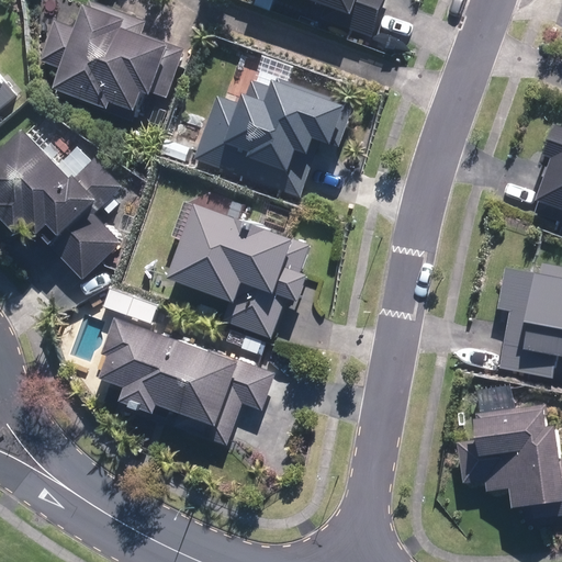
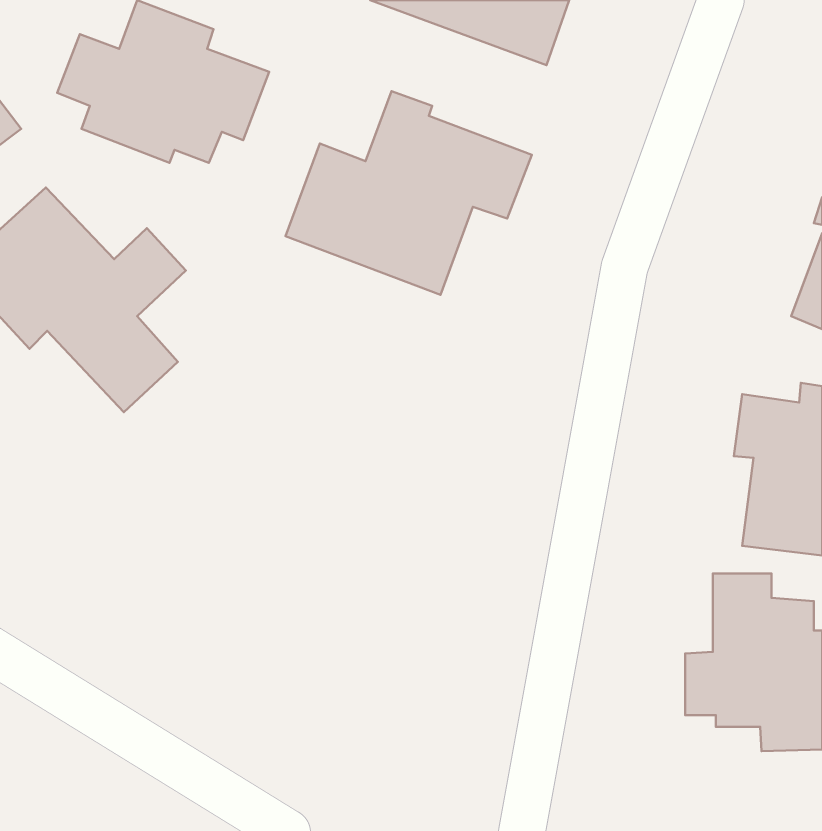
building: [167,189,311,340] -> none
building: [100,282,271,448] -> none

